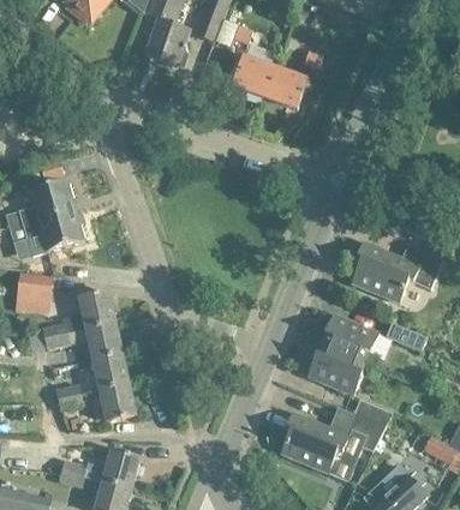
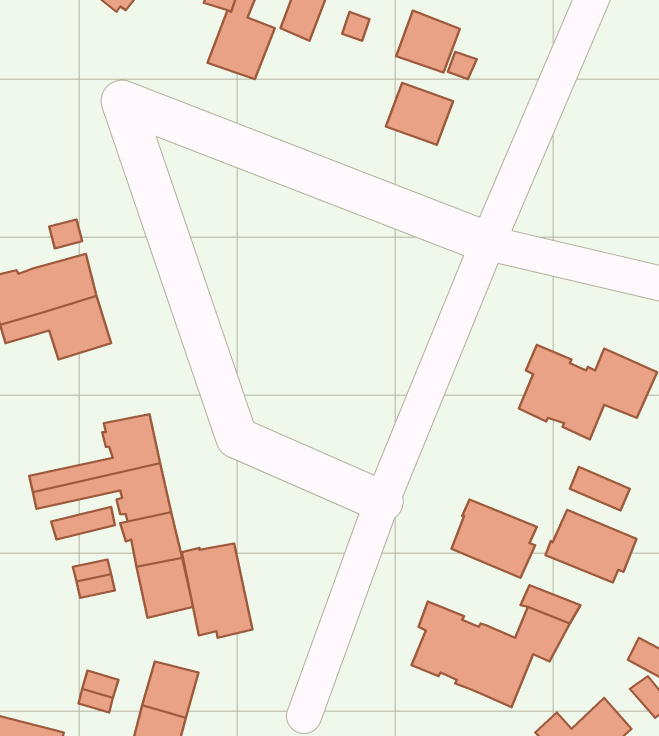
building: [232,58,274,98] -> [396,11,460,72]
building: [17,270,52,299] -> none
building: [318,314,378,362] -> [545,510,636,583]
building: none -> [182,544,253,638]

